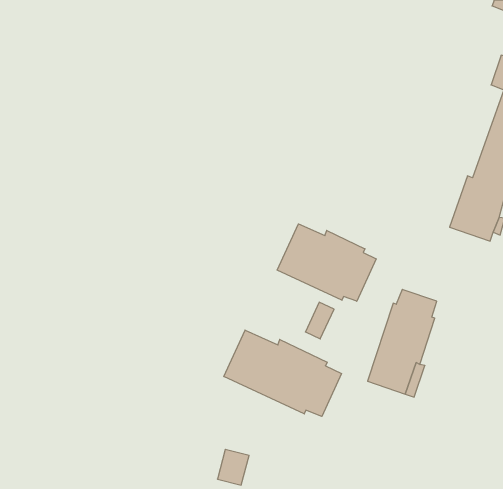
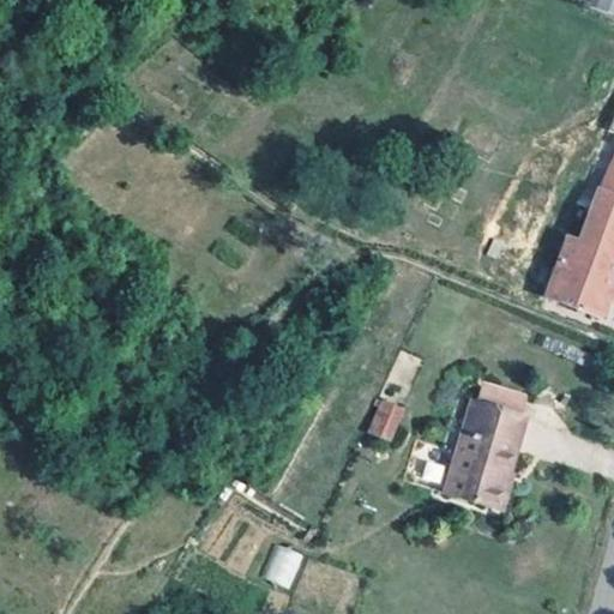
building: [277,224,376,301] -> none
building: [224,330,341,416] -> none

